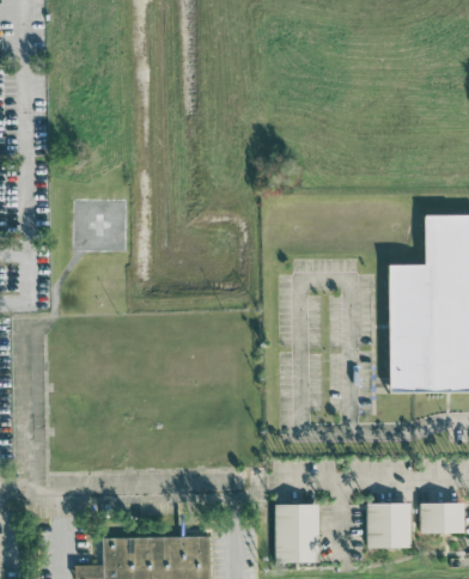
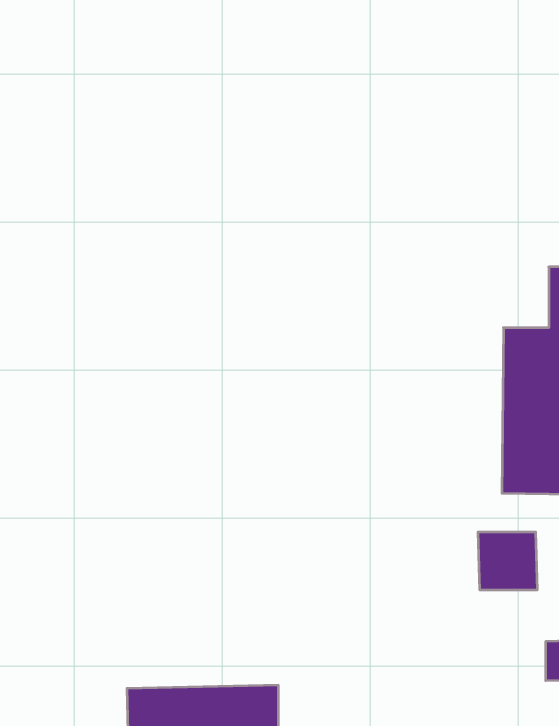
building: [367,504,413,548] -> [478,532,537,590]
building: [275,505,321,563] -> none

